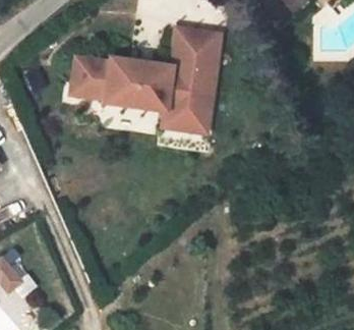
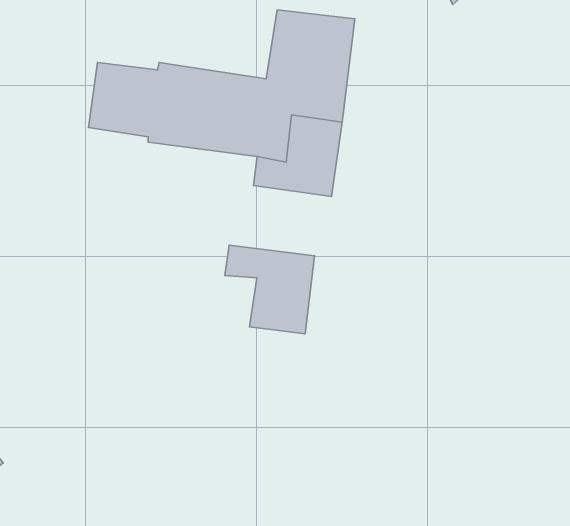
building: none -> [225,245,314,334]

